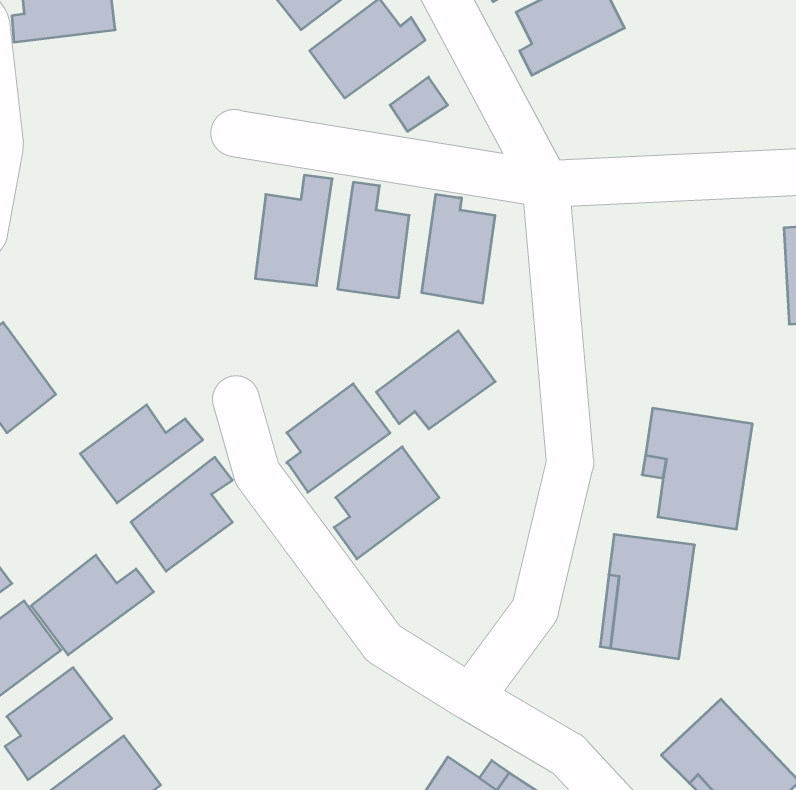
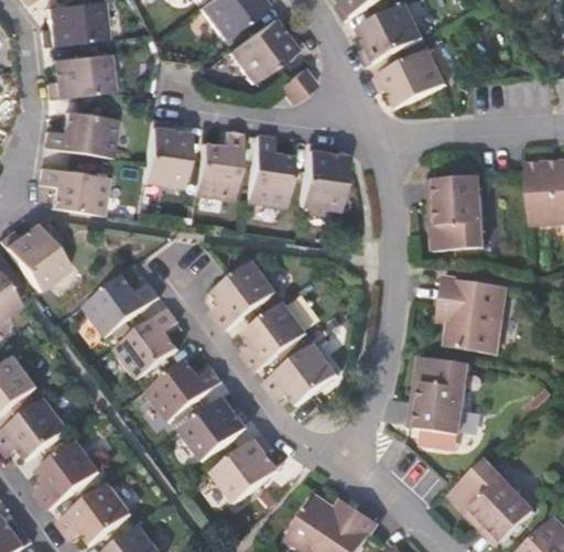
building: none -> [371,47,447,107]
building: none -> [45,52,109,98]
building: none -> [42,109,115,155]
building: none -> [140,118,186,186]
building: none -> [36,165,106,214]
building: none -> [430,174,482,249]
building: [376,331,495,429] -> [263,342,338,403]
building: [31,555,154,655] -> [144,357,221,420]
building: none -> [180,391,247,459]
building: none -> [210,433,278,501]

